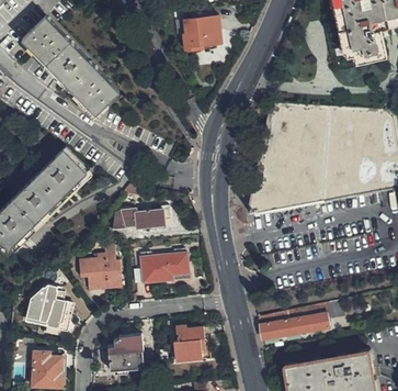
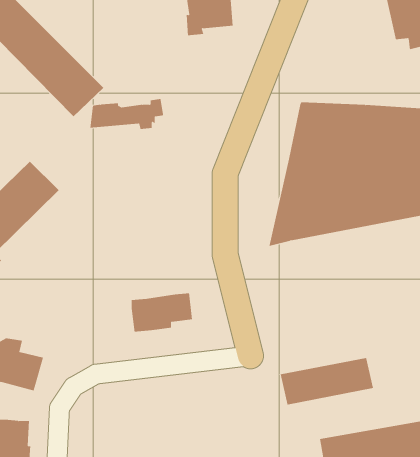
building: [112,206,170,231] -> [89,99,164,130]
building: [79,244,121,290] -> none
building: [174,325,211,362] -> none
building: [101,328,146,369] -> none

